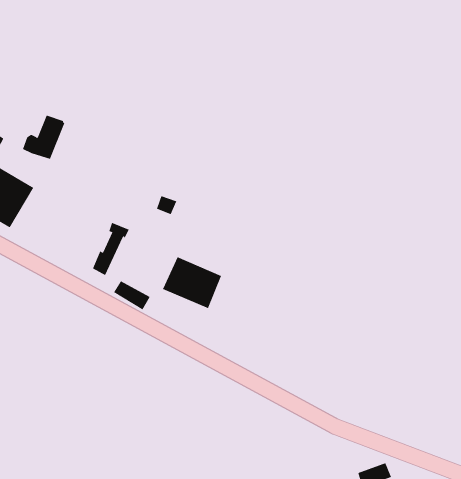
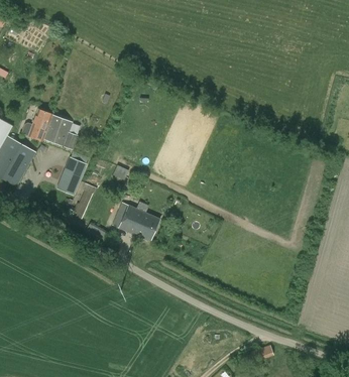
building: none -> [42,114,78,148]
building: none -> [60,157,89,195]

